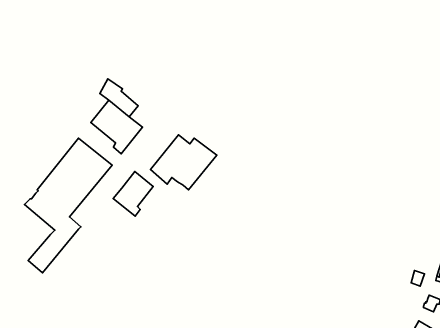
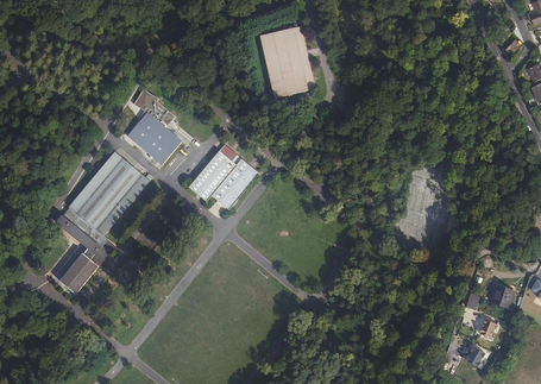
building: none -> [260,27,316,99]
building: [113,172,153,216] -> none

